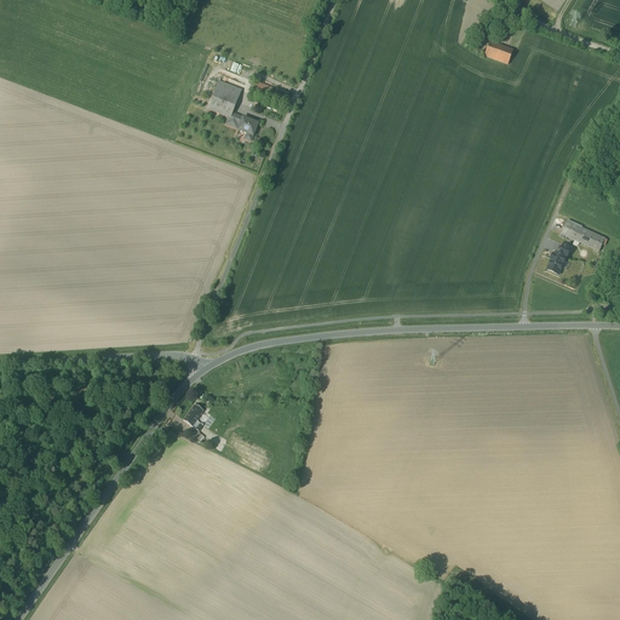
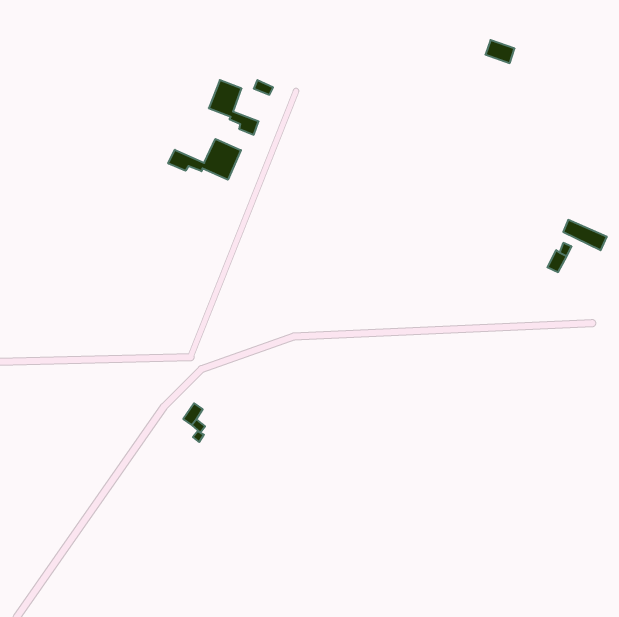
building: none -> [168,139,241,180]

